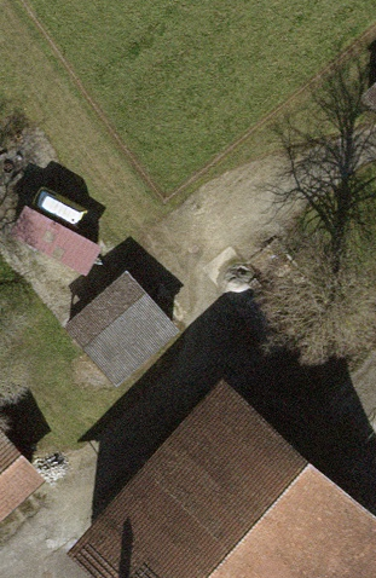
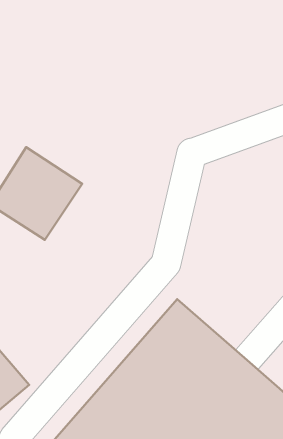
building: [56,277,169,391] -> none

